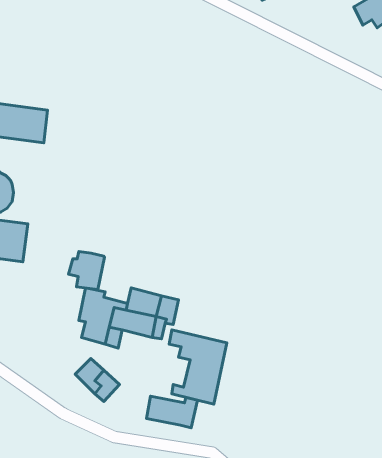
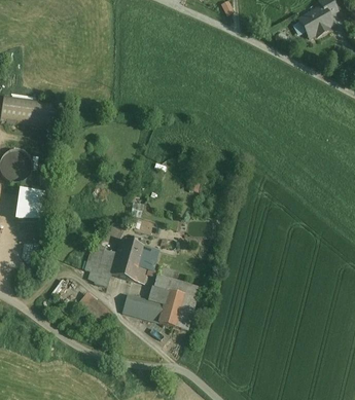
building: [69,252,104,290] -> none
building: [147,396,198,428] -> [131,293,171,318]

